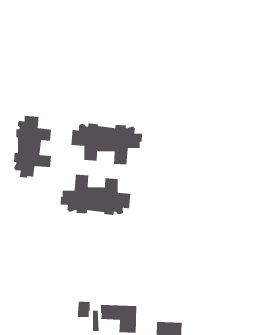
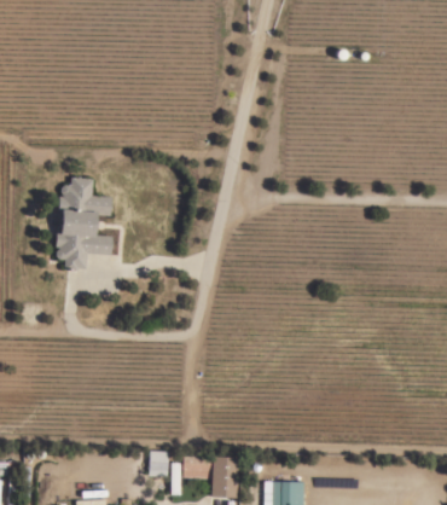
building: [70,122,143,165] -> none
building: [60,174,131,216] -> none

